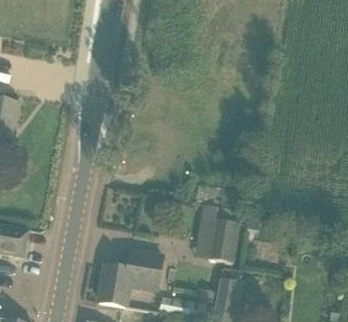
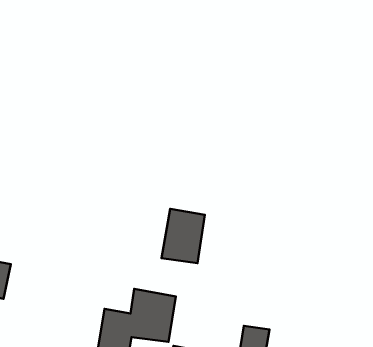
building: [205,218,240,263] -> [162,209,205,263]

